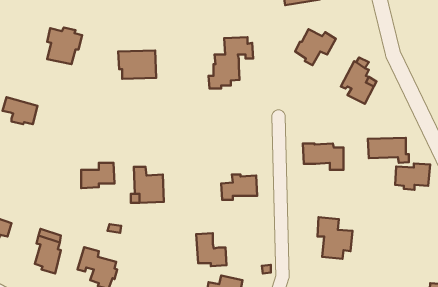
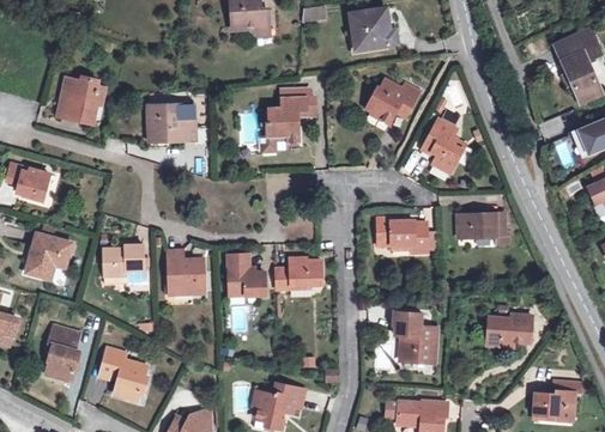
building: none -> [25,232,71,275]
building: [395,164,430,190] -> [488,315,531,347]
building: [196,233,226,266] -> [226,254,264,294]

